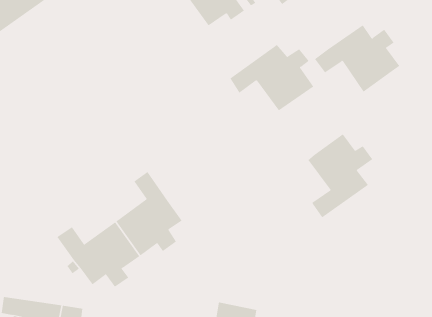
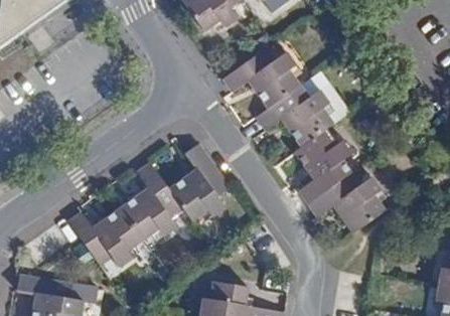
building: [314,25,400,93] -> [255,86,332,147]
building: none -> [167,143,229,220]
building: none -> [306,172,384,233]

